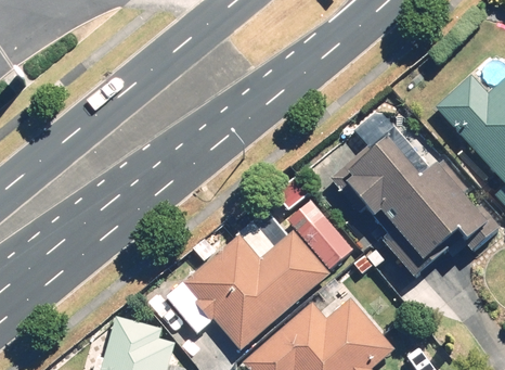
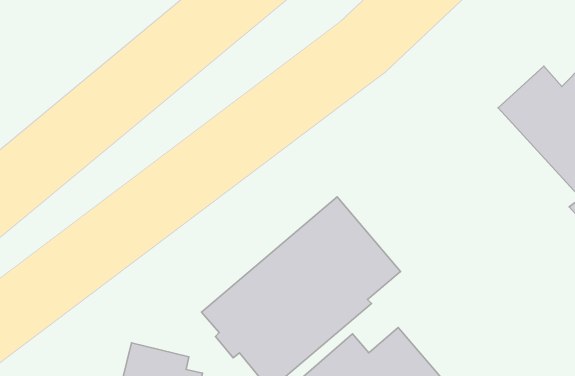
building: [328,126,481,280] -> none

